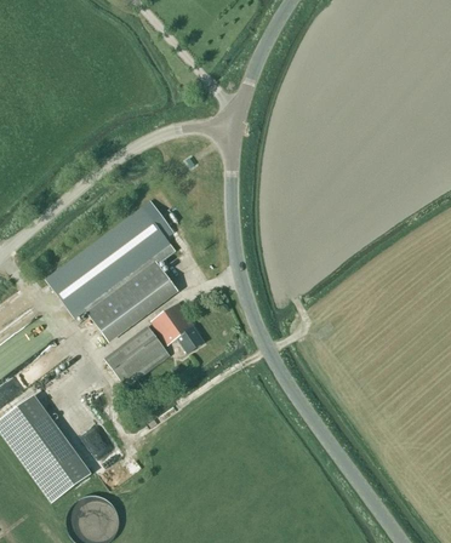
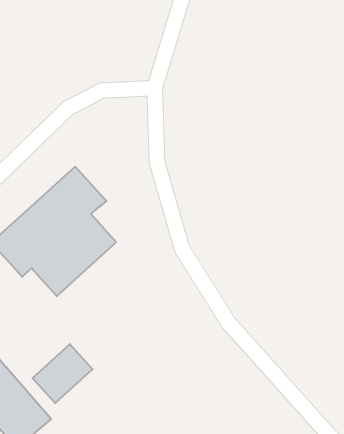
building: [152,303,202,353] -> none
building: [104,326,170,388] -> [32,344,93,403]

